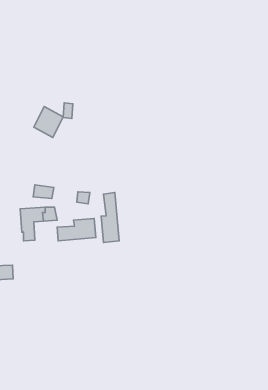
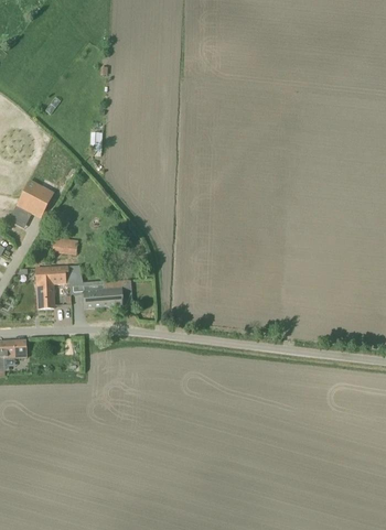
building: [34,106,63,138] -> [15,180,53,219]
building: [101,193,119,242] -> none

